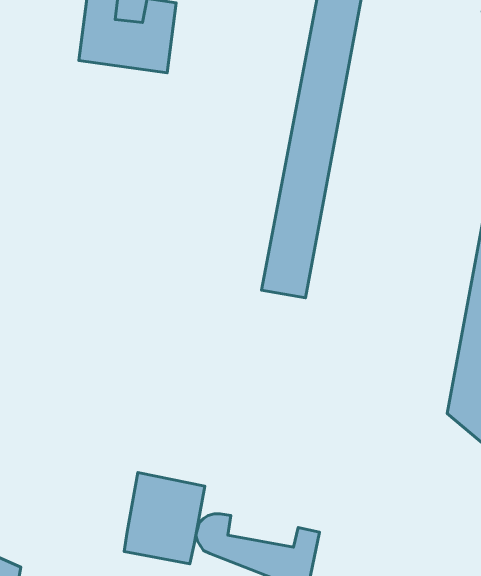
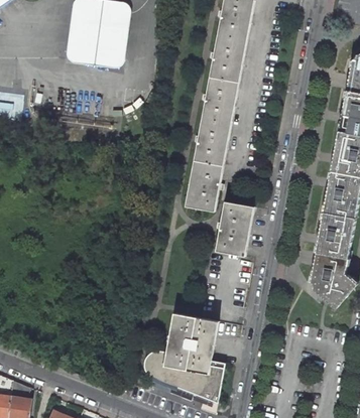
building: none -> [216,200,254,254]
building: [124,473,205,564] -> [163,314,217,375]

